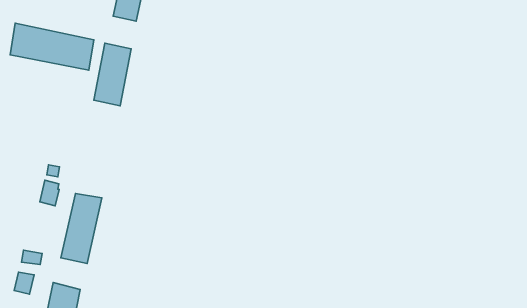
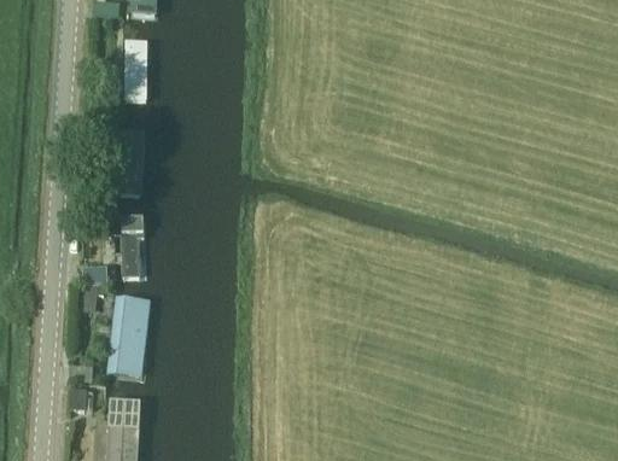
building: [10,23,94,70] -> none
building: none -> [113,221,144,278]

